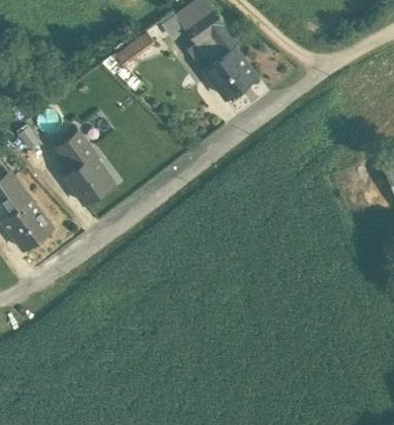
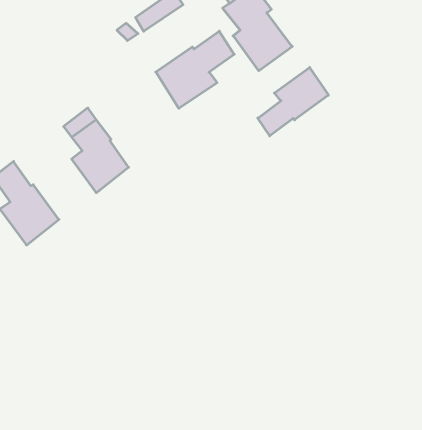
building: none -> [156,31,234,108]
building: none -> [258,67,328,136]

